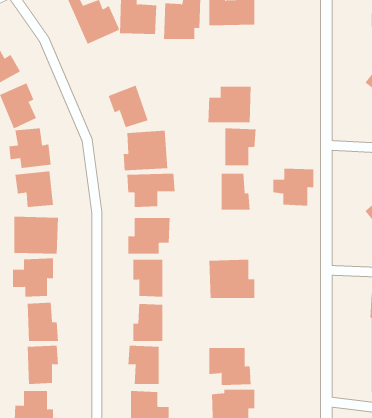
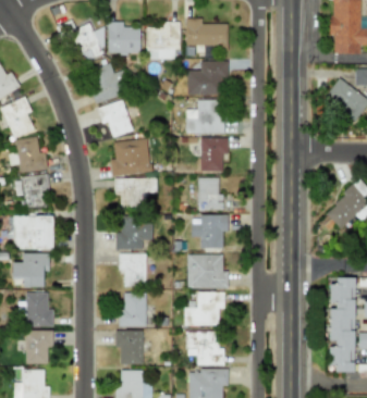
building: none -> [187,60,229,95]
building: none -> [88,64,125,102]
building: [273,168,314,206] -> [192,214,229,248]
building: none -> [184,291,225,325]

